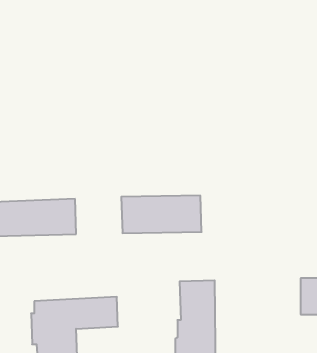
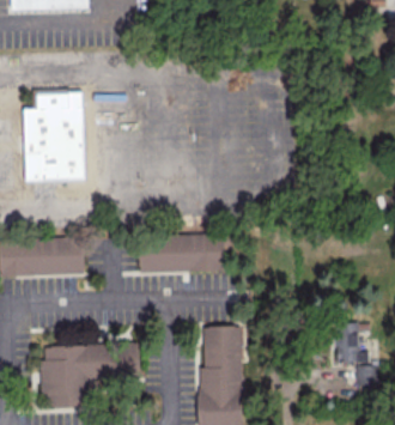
building: none -> [22,93,84,184]

